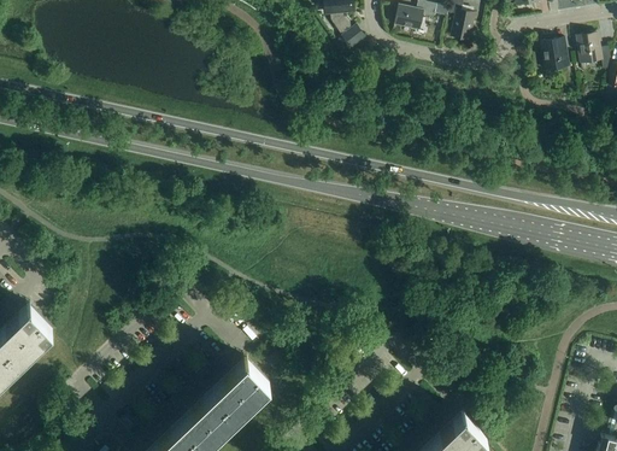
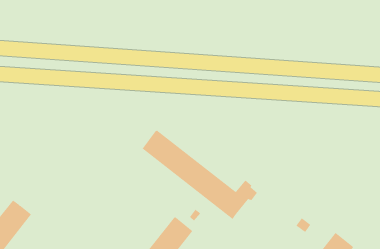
building: none -> [142,130,258,220]

